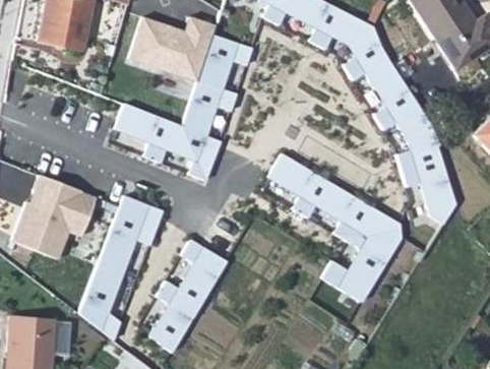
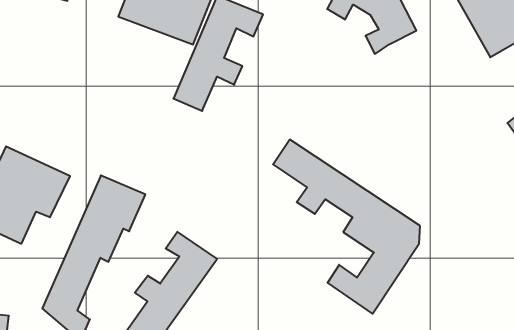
building: [366,55,456,224] -> none
building: [115,106,224,181] -> none

